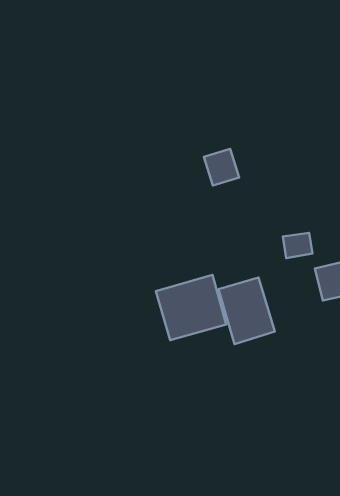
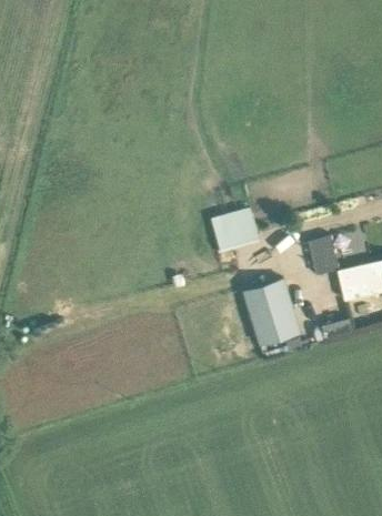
building: [204,149,239,186] -> [225,206,260,242]
building: [156,275,226,340] -> none

